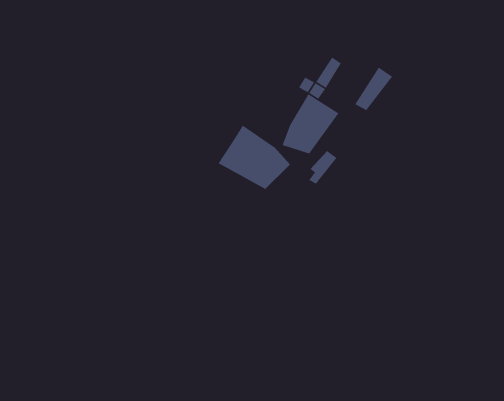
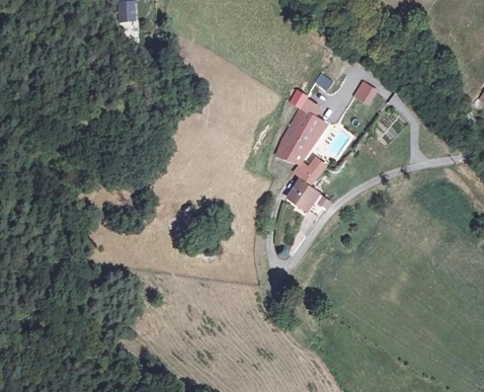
building: [217,125,291,190] -> none
building: none -> [289,184,319,212]

